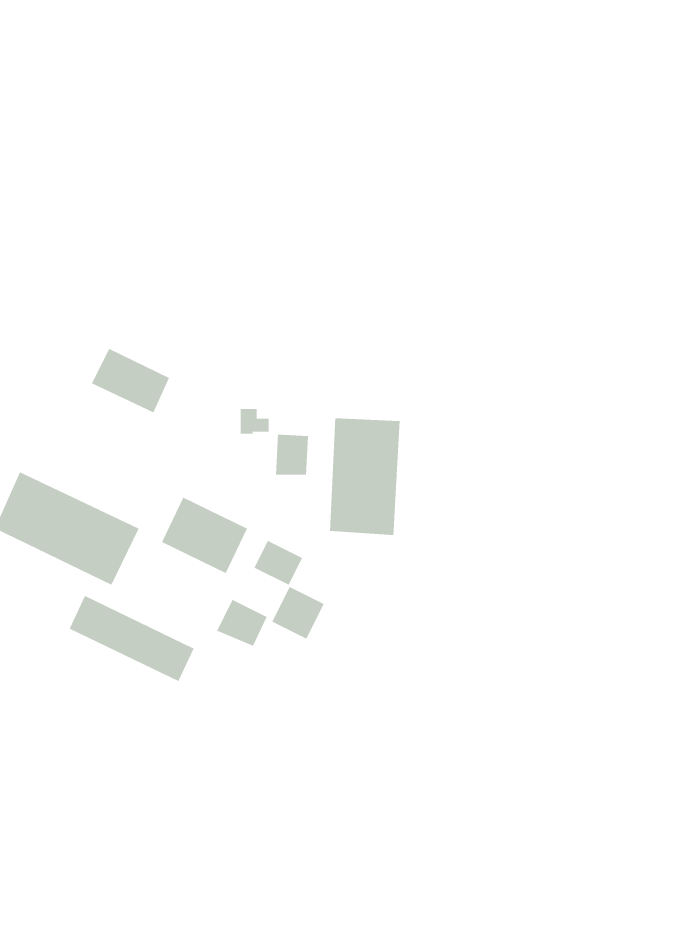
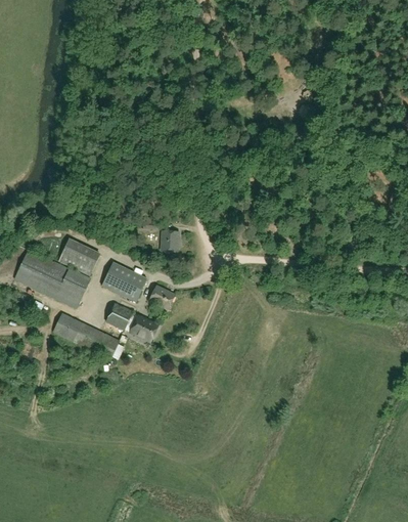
building: [91,348,170,413] -> [57,242,98,275]
building: [329,417,400,536] -> none
building: [271,586,325,639] -> [105,303,133,331]

